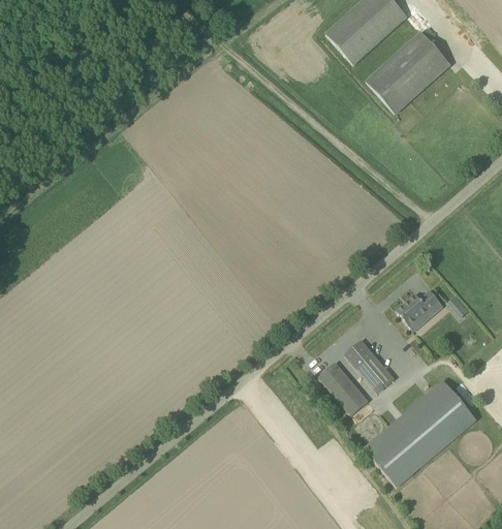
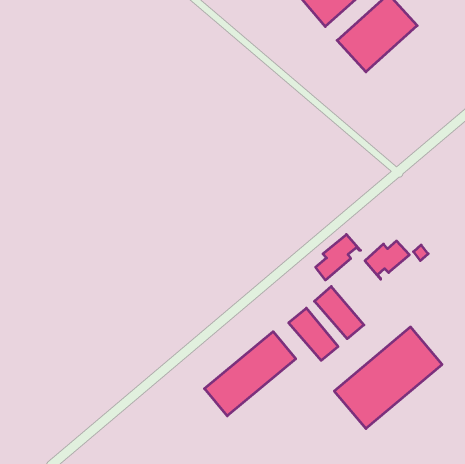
building: none -> [316,234,361,280]
building: none -> [204,332,296,416]

